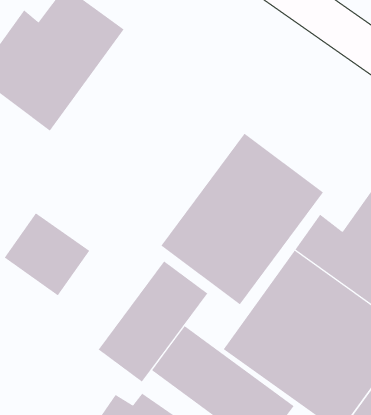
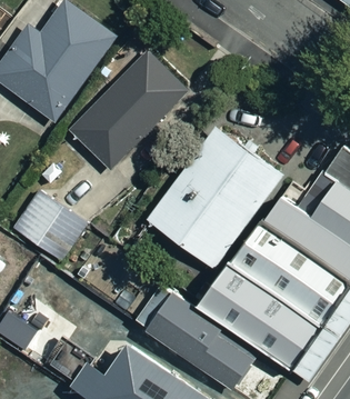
building: none -> [70,53,184,171]
building: [98,261,208,382] -> none

